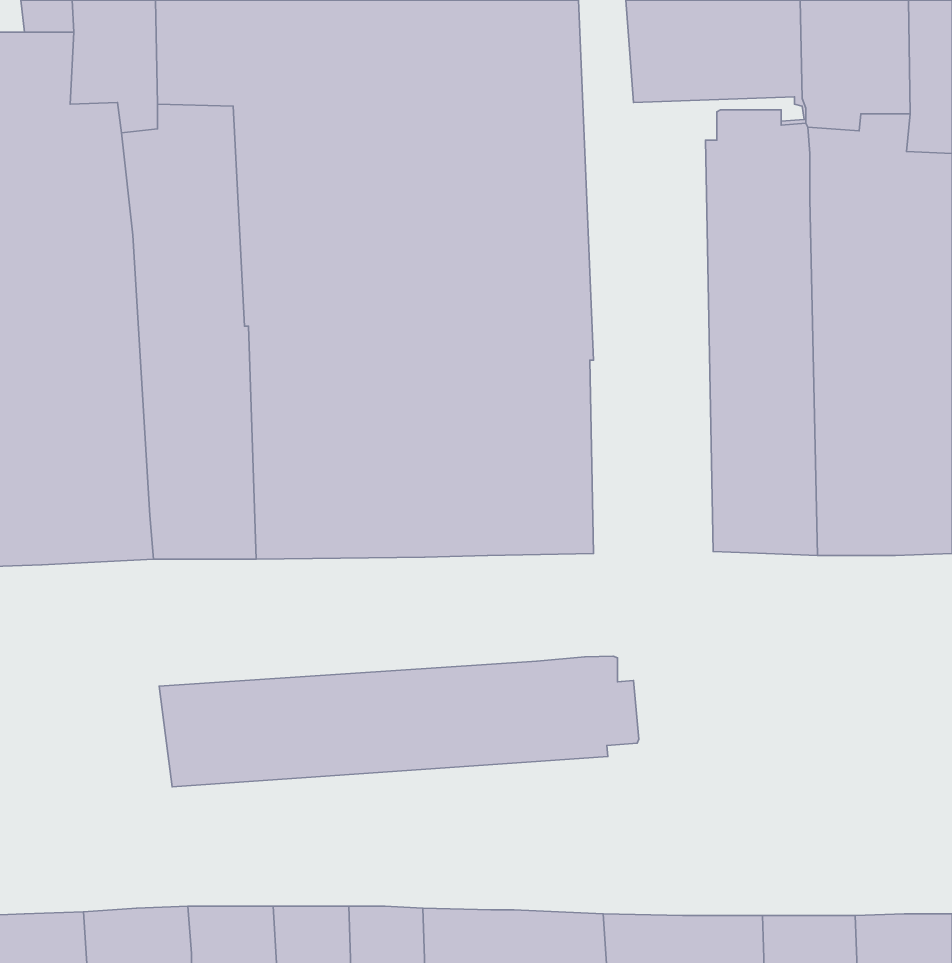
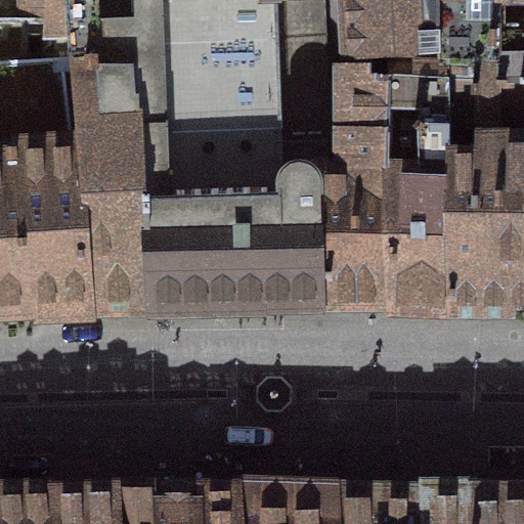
building: none -> [318,66,385,302]
building: [159,656,639,787] -> none

